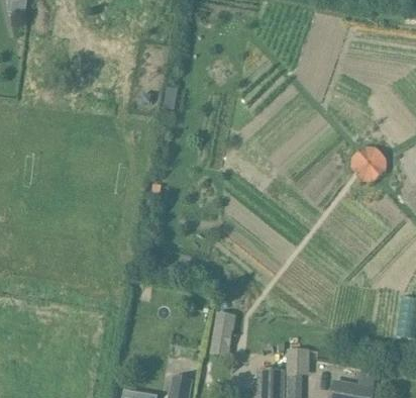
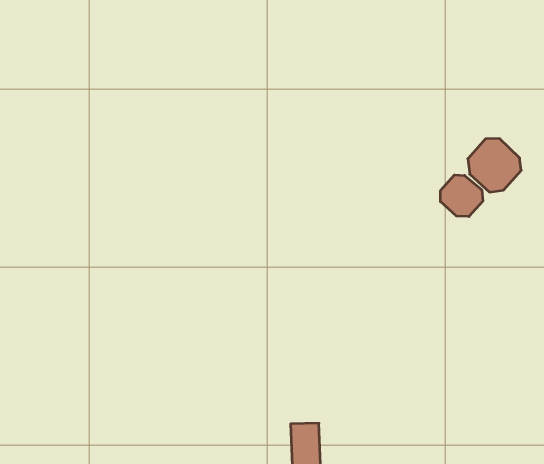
building: none -> [440,175,483,217]

